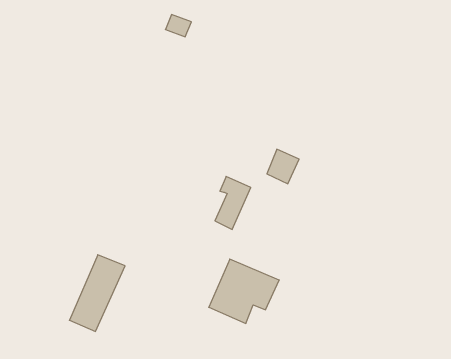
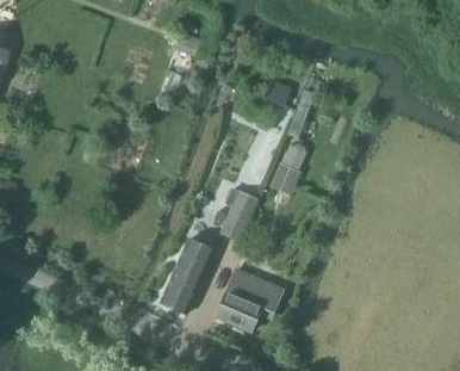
building: [69,255,125,331] -> [160,237,213,311]

